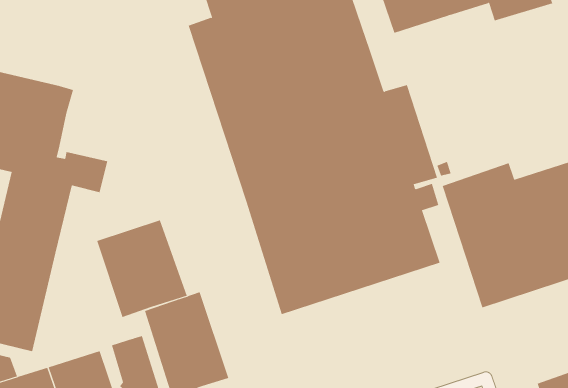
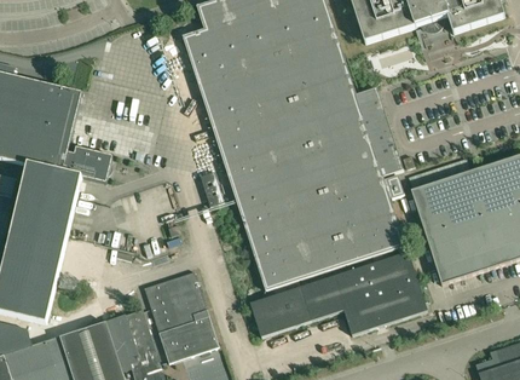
building: [96,220,187,318] -> none
building: none -> [250,252,427,336]

